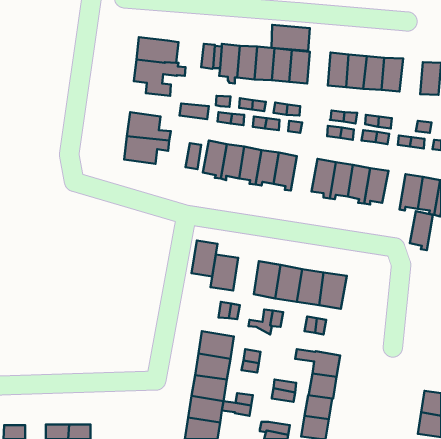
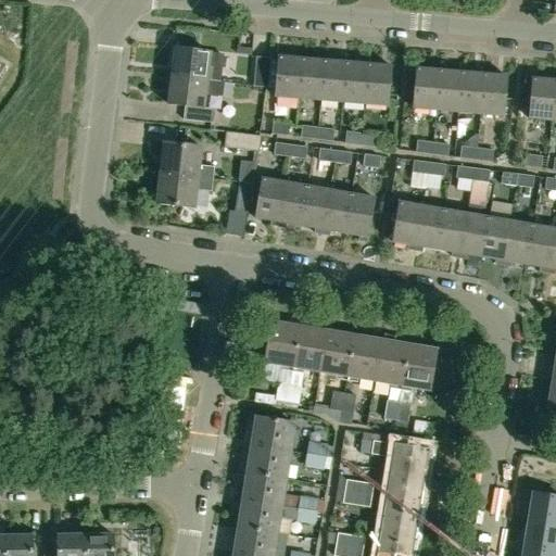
building: [271,25,310,51] -> none
building: [410,211,433,250] -> [481,215,510,264]
building: [192,240,217,277] -> [293,325,326,370]

